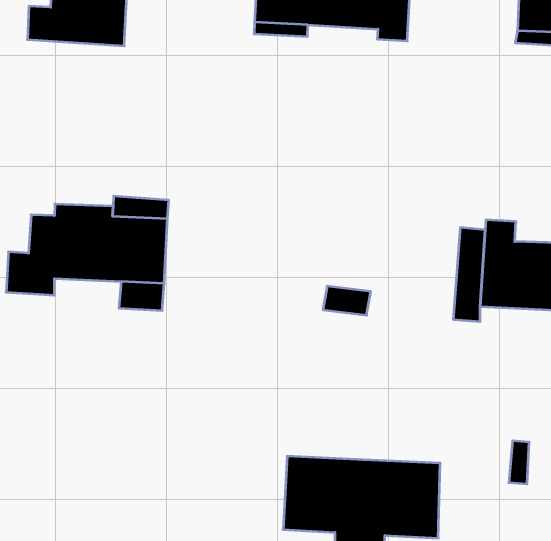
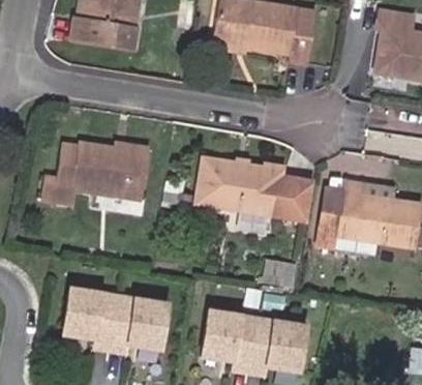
building: none -> [198,156,315,218]
building: none -> [61,289,163,354]

